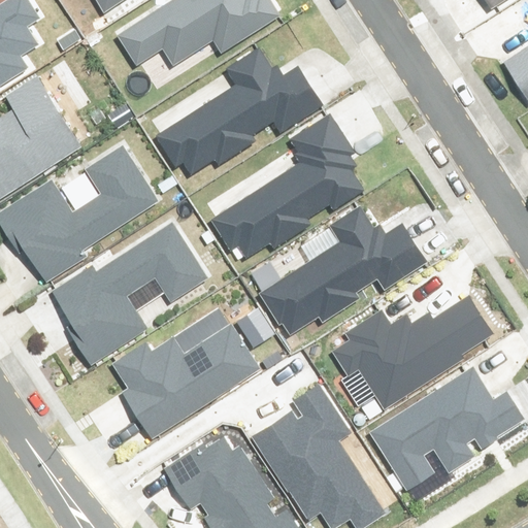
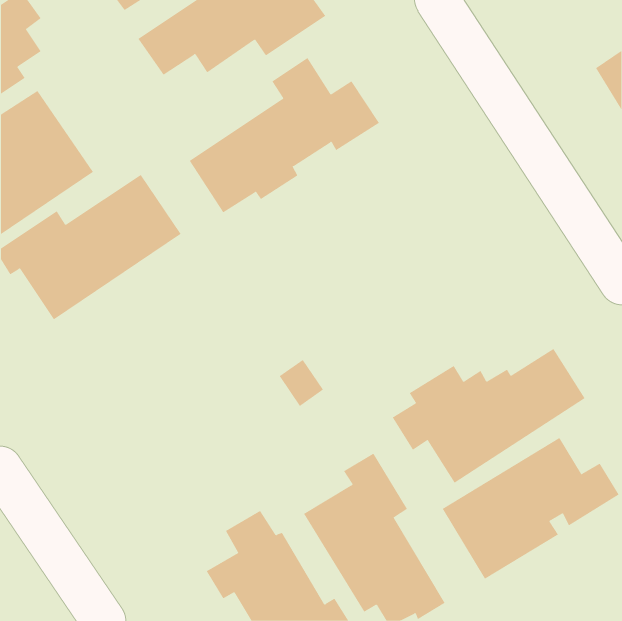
building: [217,113,367,264] -> none
building: [262,207,422,331] -> none
building: [52,221,206,362] -> none
building: [116,325,260,438] -> none

